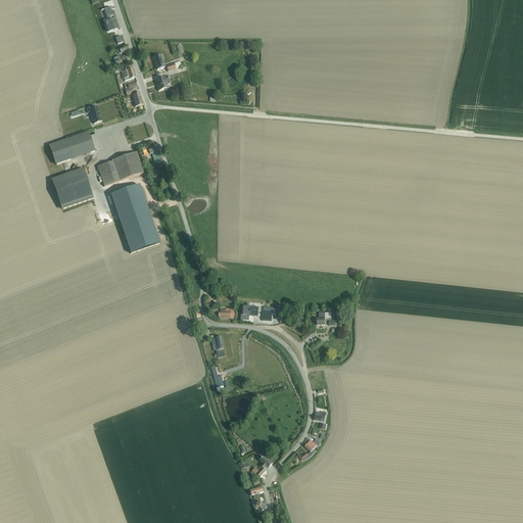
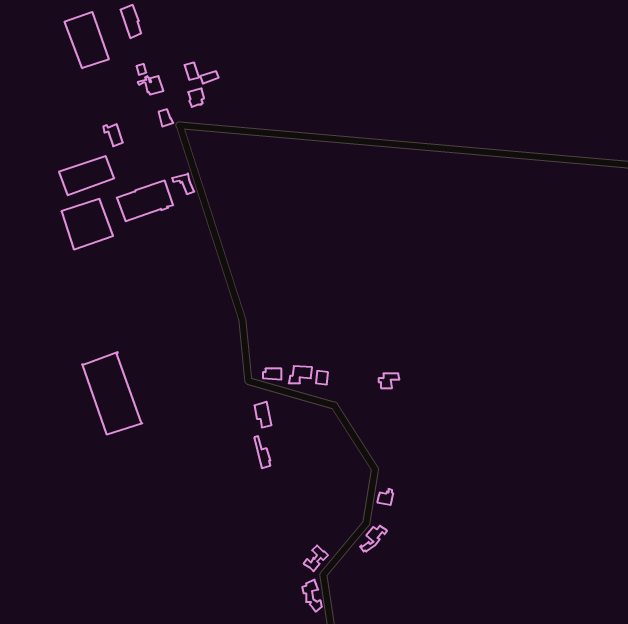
building: none -> [65,12,109,68]
building: [110,182,160,250] -> [82,352,142,434]

